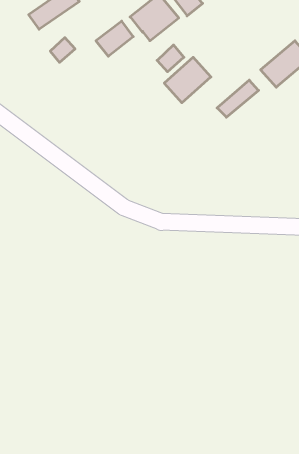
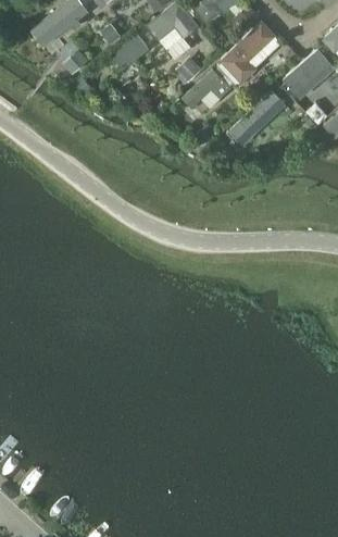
building: none -> [220,23,280,85]

